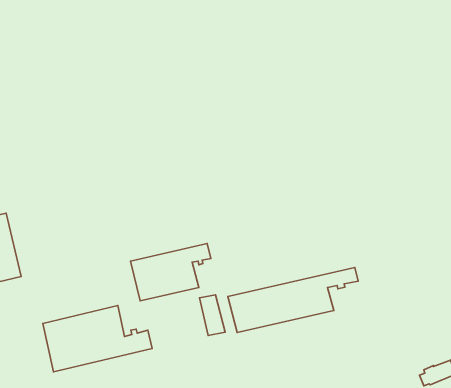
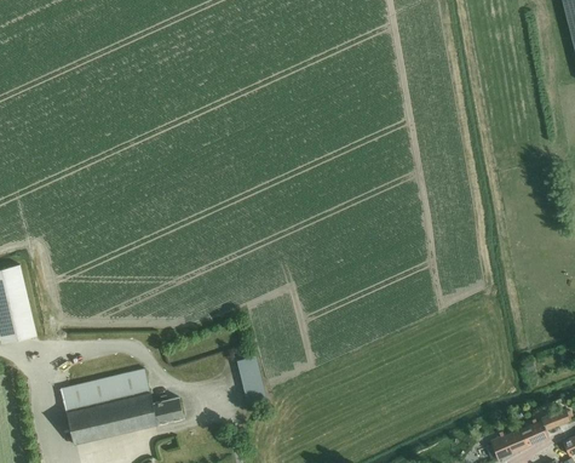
building: [130,244,211,301] -> none
building: [228,267,358,332] -> none

